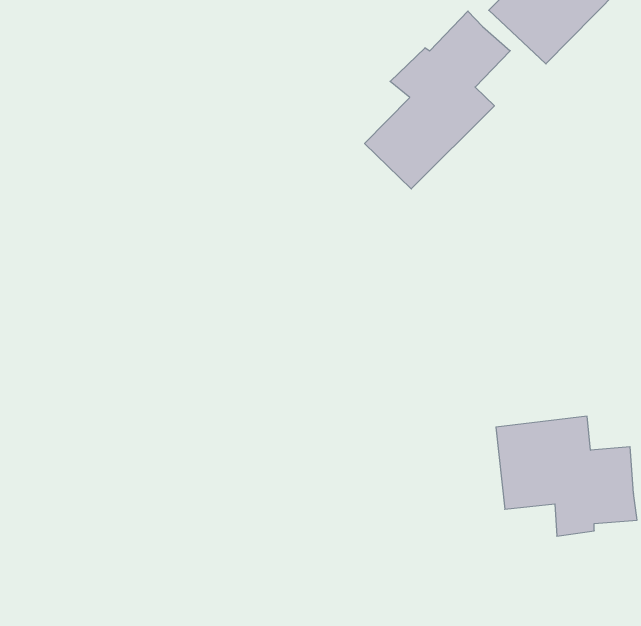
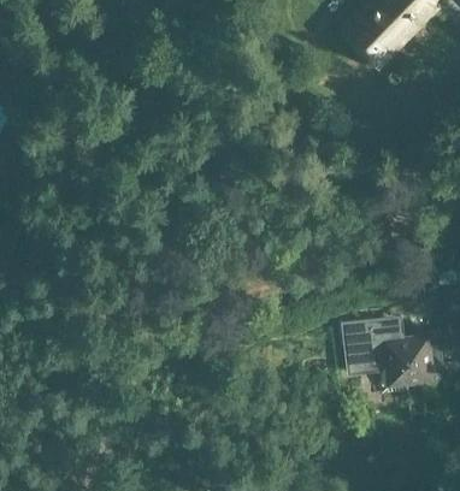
building: [365,11,510,189] -> none

